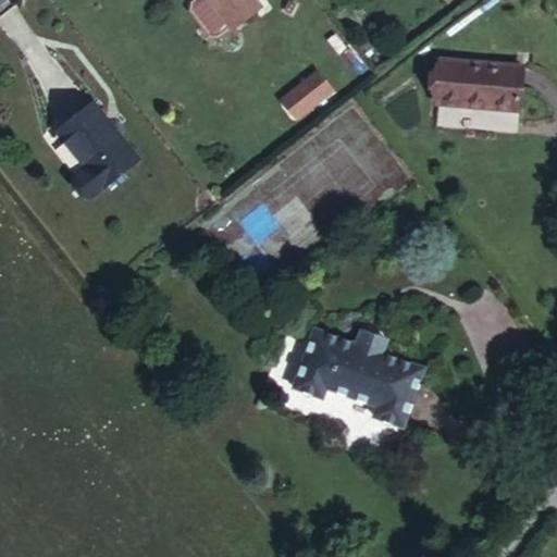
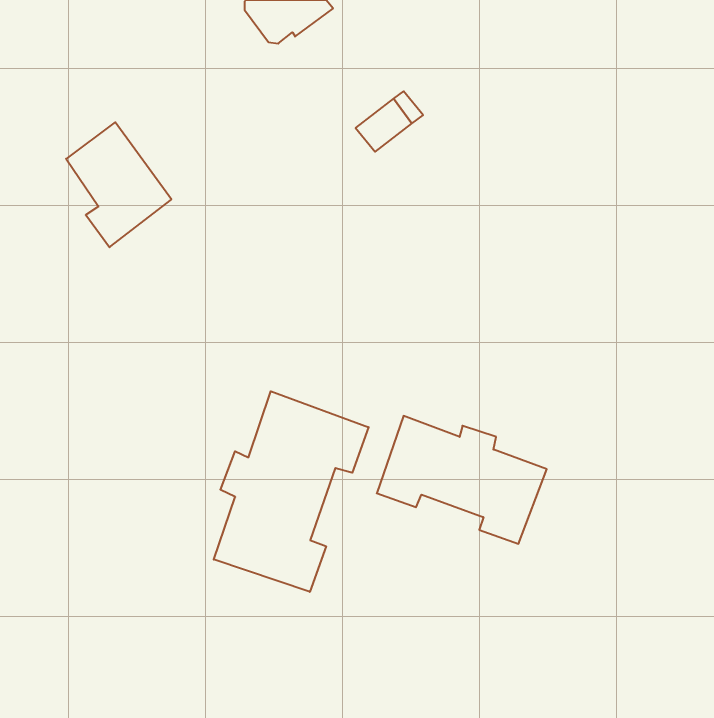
building: [432,59,520,132] -> none
building: none -> [214,391,369,592]

